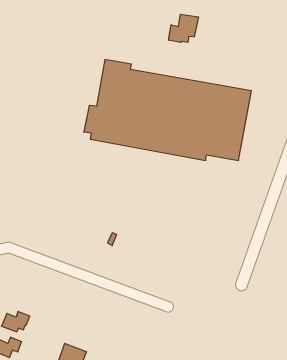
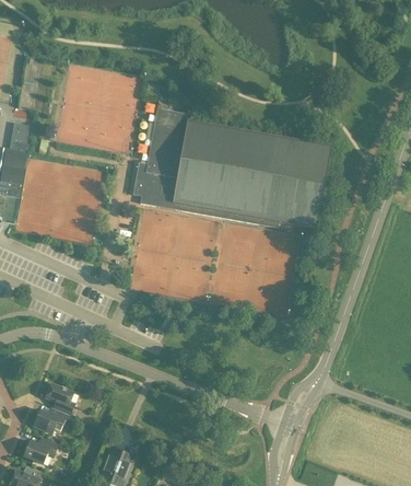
building: [168,14,198,42] -> none
building: none -> [44,381,73,413]

